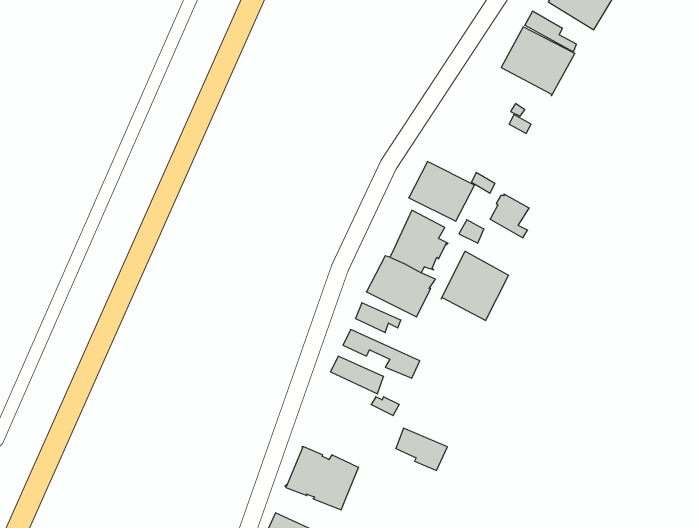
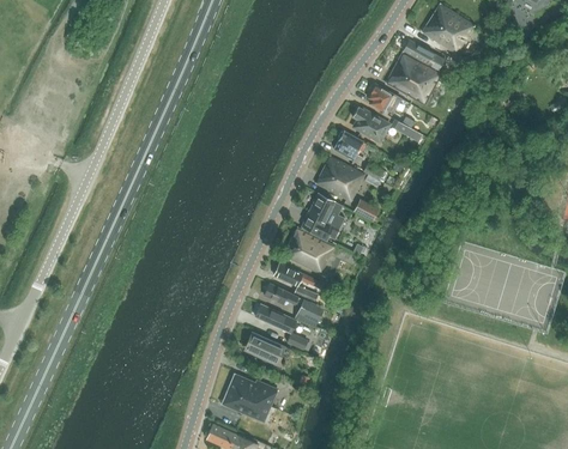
building: none -> [368,85,400,113]
building: none -> [352,107,389,141]
building: [490,194,529,238] -> [333,131,363,164]
building: [441,251,509,321] -> none
building: [396,428,447,470] -> [246,332,285,364]

